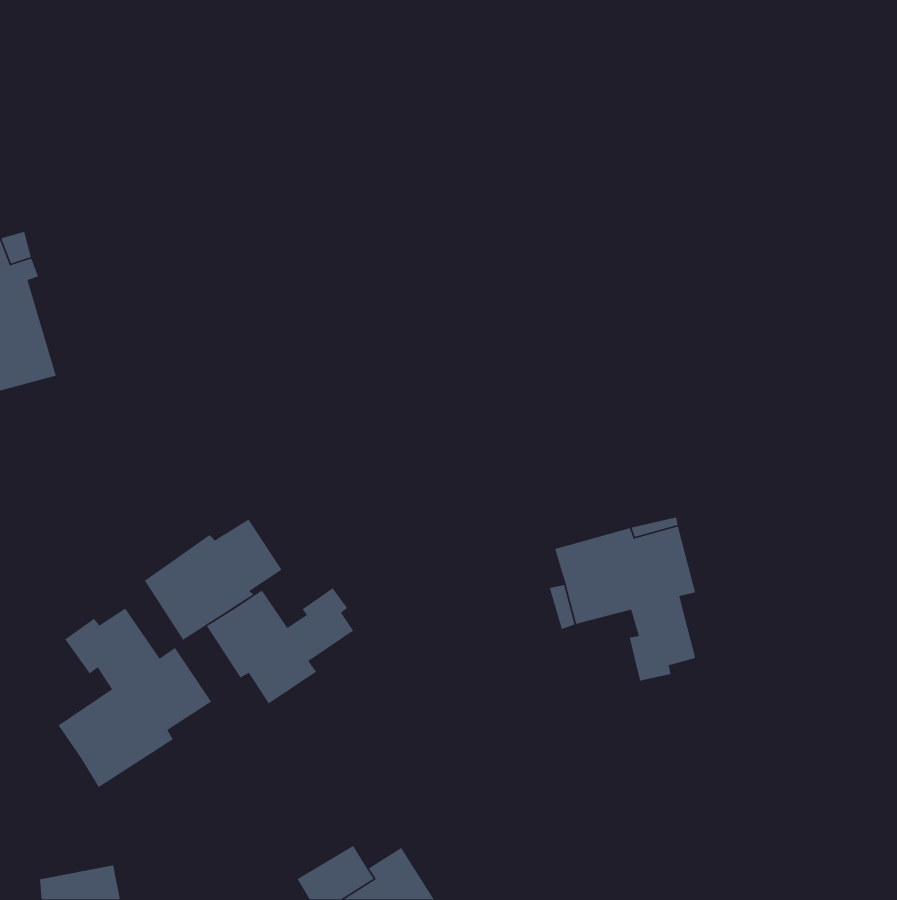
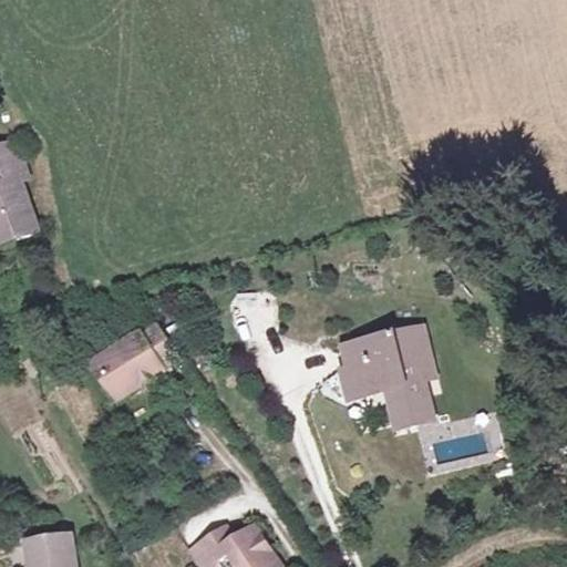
building: [206,587,354,704] -> none
building: [58,607,212,788] -> none

